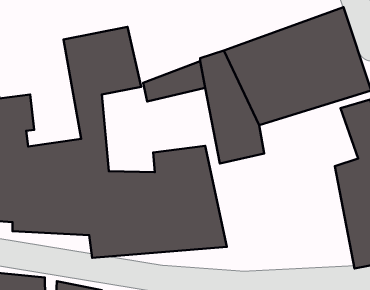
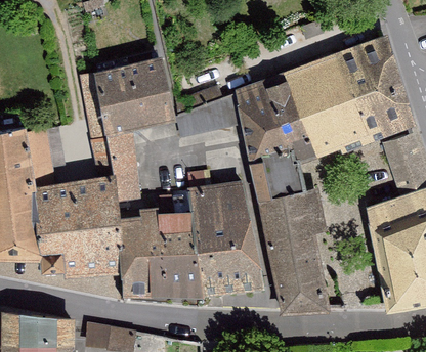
building: none -> [257,191,327,311]

